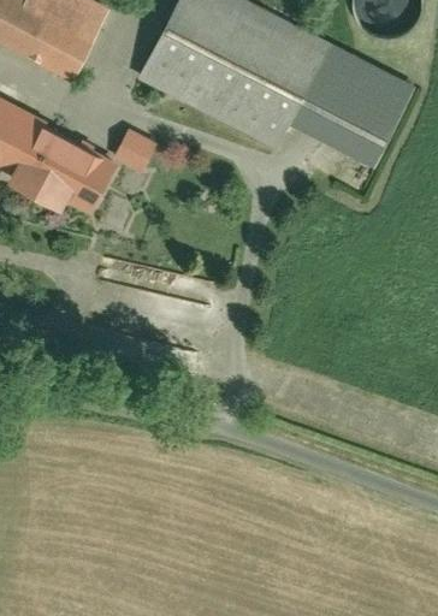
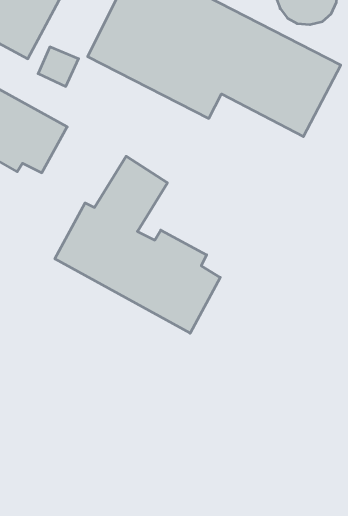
building: [116,128,161,172] -> [38,47,79,86]
building: none -> [55,156,220,333]

